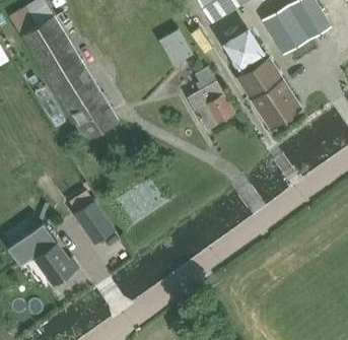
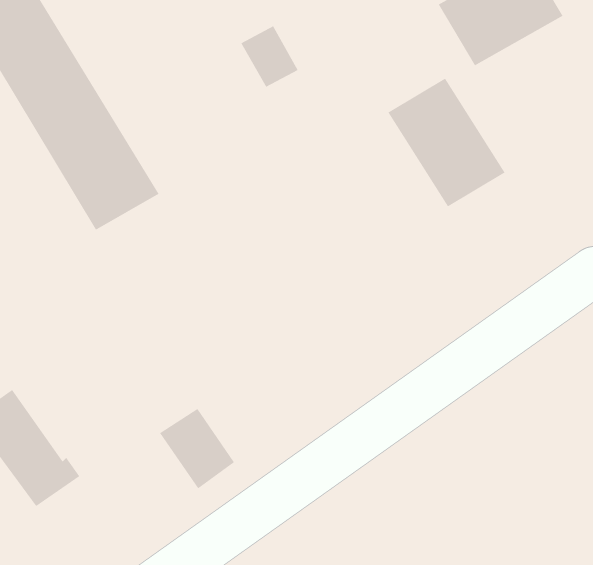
building: [222,27,266,71] -> none
building: [189,70,233,129] -> none
building: [75,203,115,246] -> [159,408,235,489]

